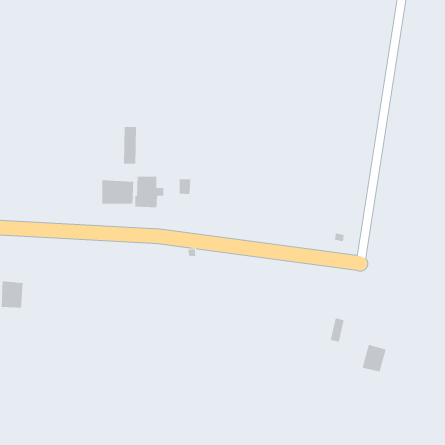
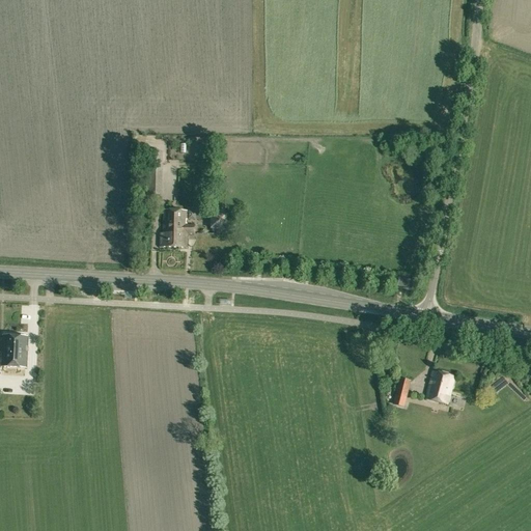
building: [102,180,134,205] -> none
building: [362,344,386,372] -> [426,370,455,403]

